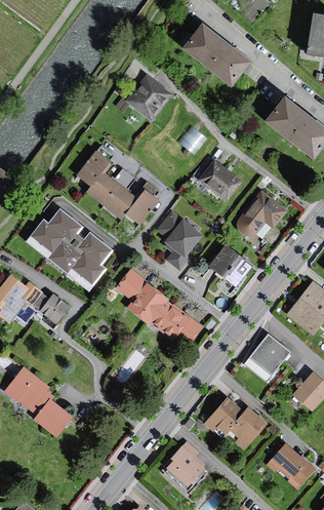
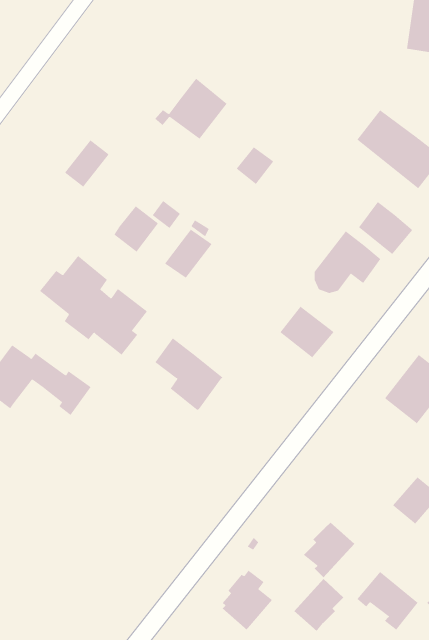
building: [185,25,250,85] -> none
building: [76,150,110,186] -> [64,139,110,188]
building: [201,160,242,200] -> [358,201,413,255]
building: [104,184,136,219] -> none
building: [157,210,202,269] -> none
building: [151,300,203,341] -> none
building: [246,335,288,379] -> none
building: [6,367,71,434] -> none
building: [205,397,243,437] -> [293,578,344,632]

